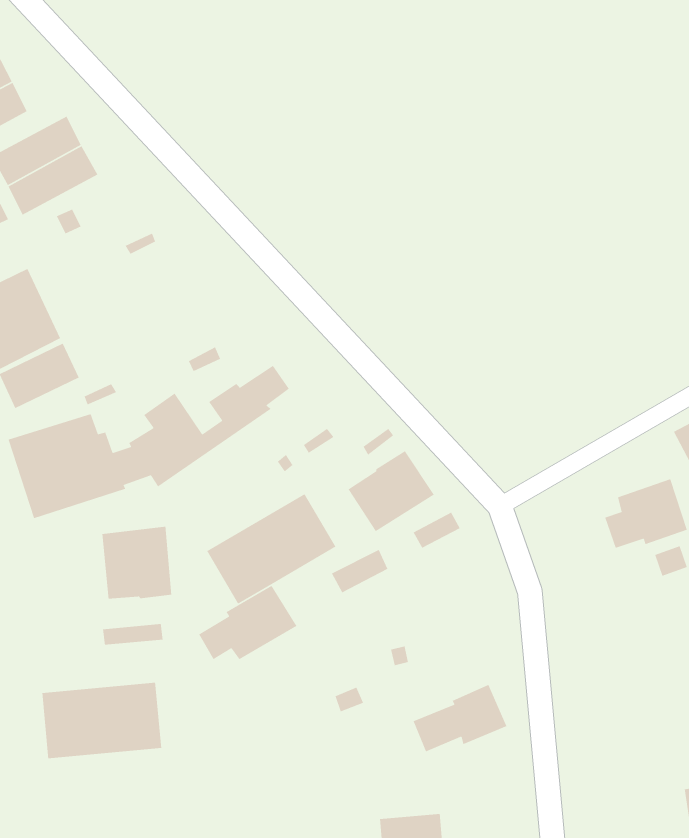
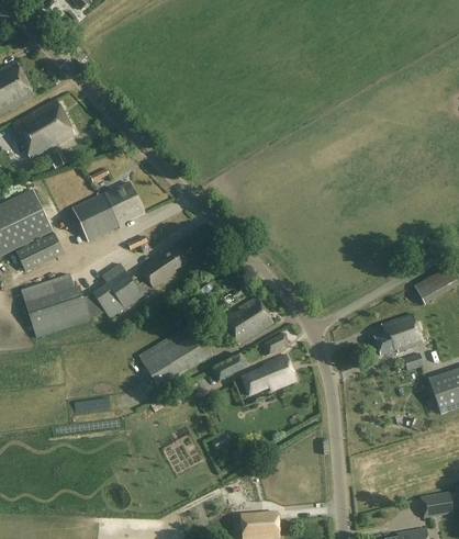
building: none -> [70,182,144,242]
building: [101,526,172,600] -> none
building: [198,585,298,660] -> none
building: [41,682,162,759] -> none
building: [413,684,507,753] -> [240,355,296,395]

